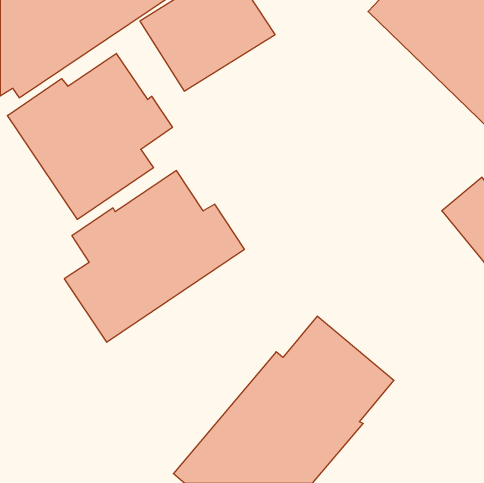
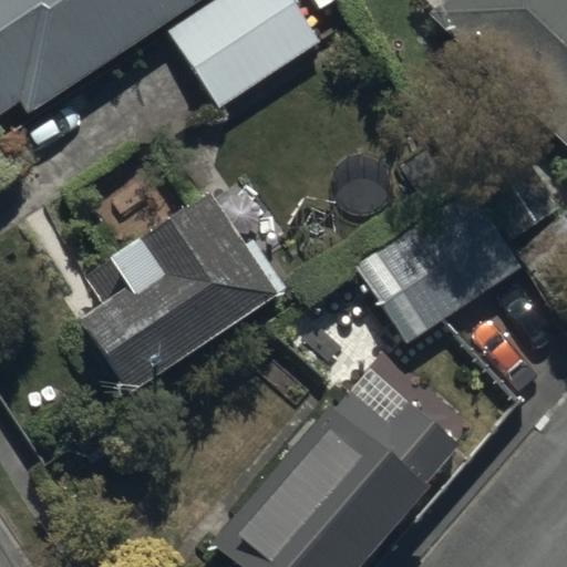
building: [7,53,172,219] -> none
building: none -> [358,186,524,340]

